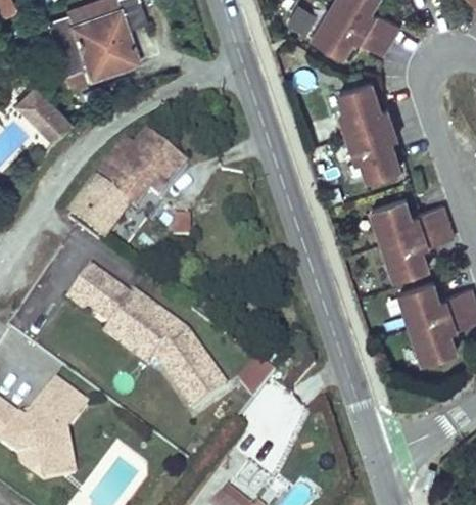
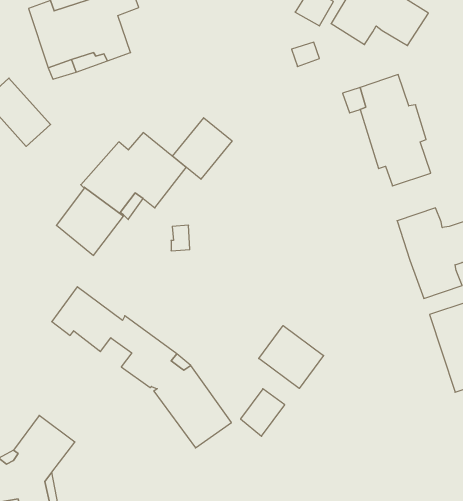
building: none -> [173,118,232,179]
building: none -> [259,326,324,388]
building: [104,312,155,365] -> none

